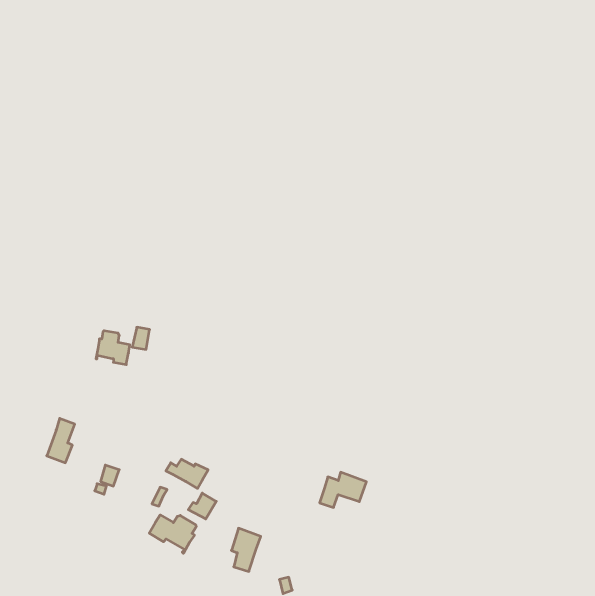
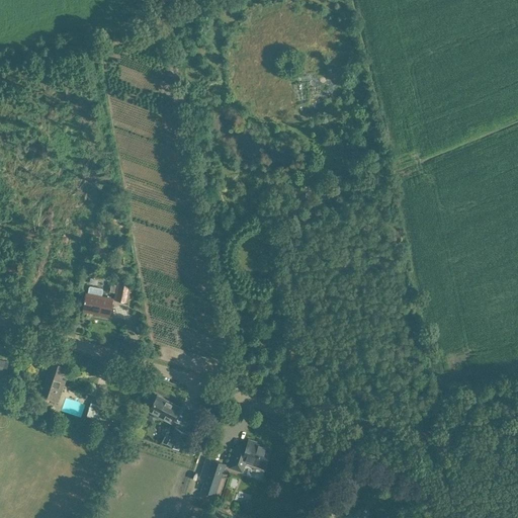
building: [320,472,366,507] -> [232,442,272,472]
building: [149,515,196,553] -> none

